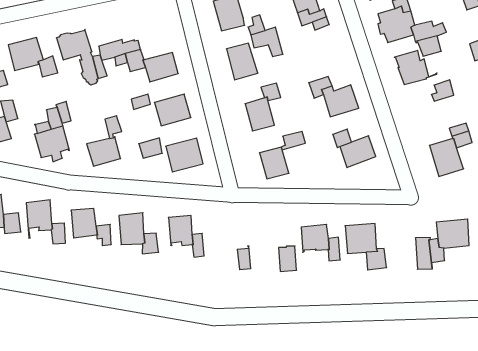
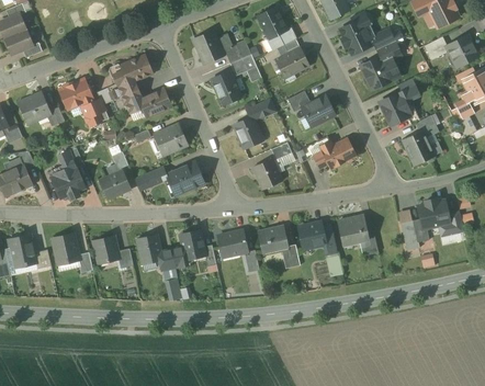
building: none -> [113,55,153,87]
building: none -> [275,47,309,78]
building: none -> [380,93,408,125]
building: none -> [217,230,248,257]
building: none -> [258,226,287,252]

